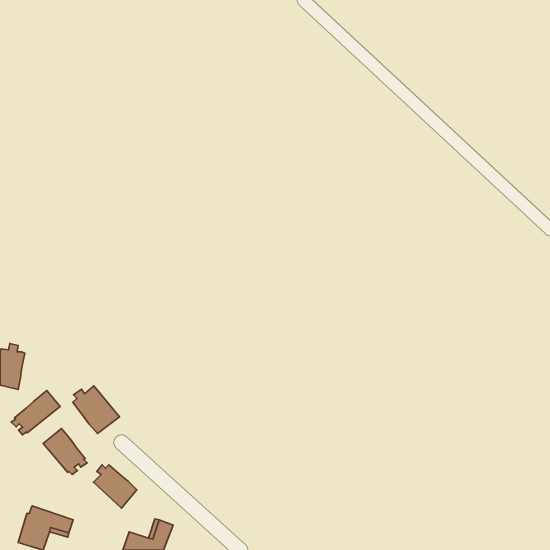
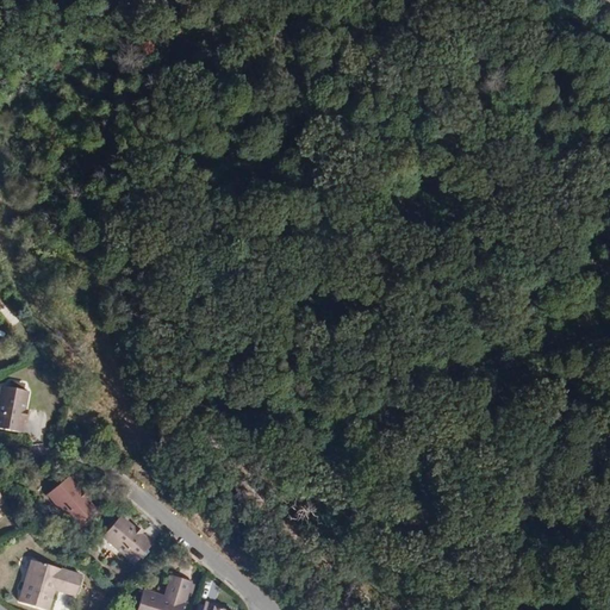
building: [73,386,120,433] -> none
building: [11,390,60,435] -> none

